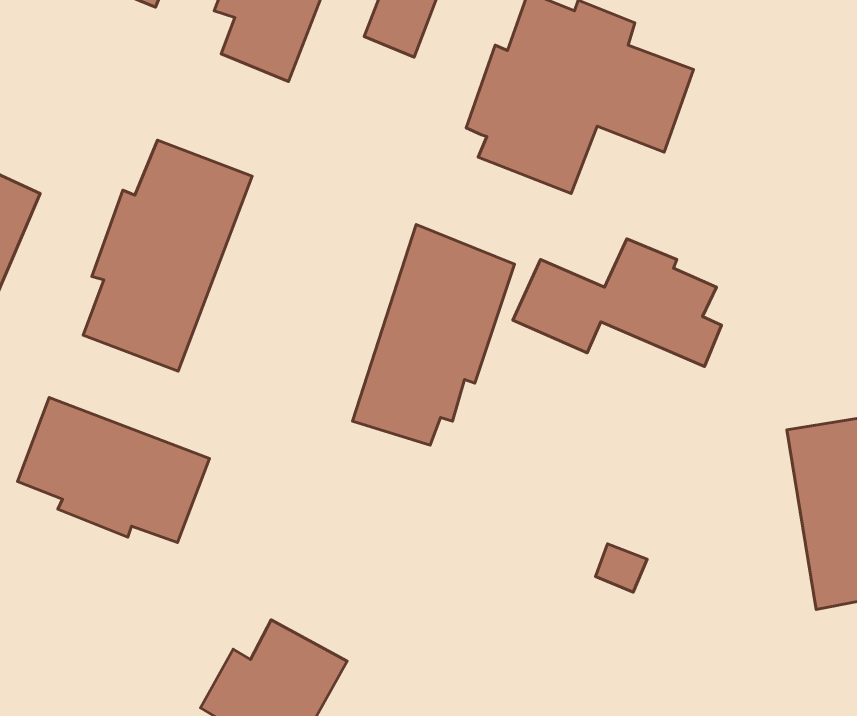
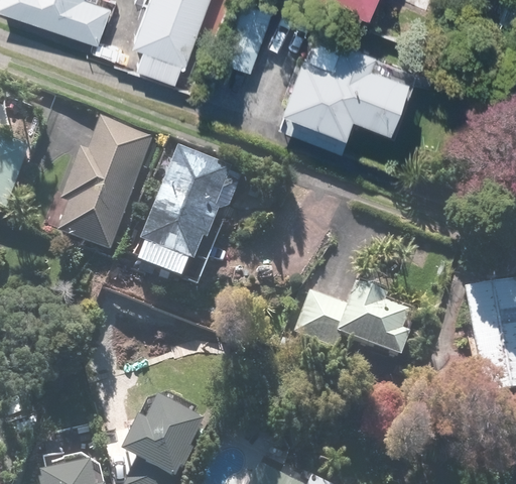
building: [352,224,515,445] -> [138,147,233,276]
building: [513,239,722,367] -> [292,284,414,359]
building: [17,397,209,543] -> none

